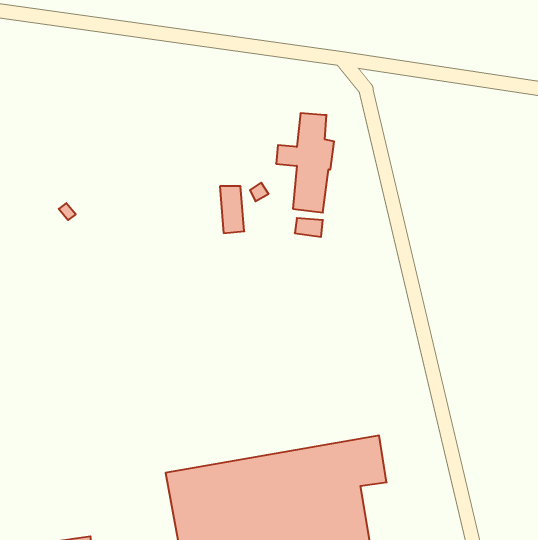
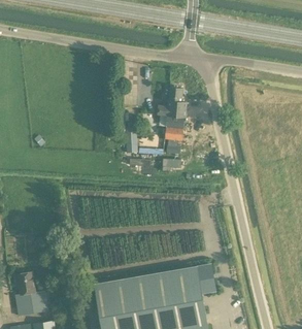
building: none -> [14,271,48,316]

